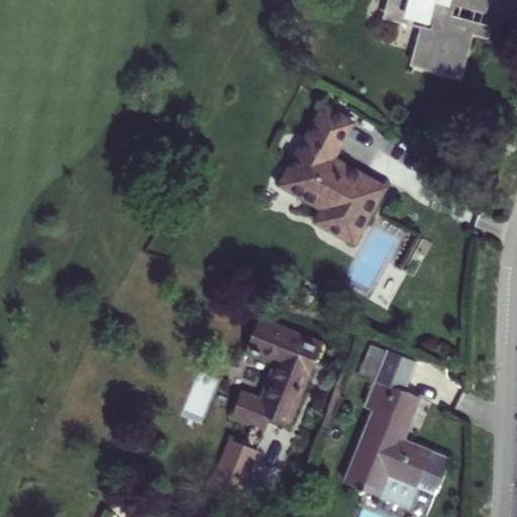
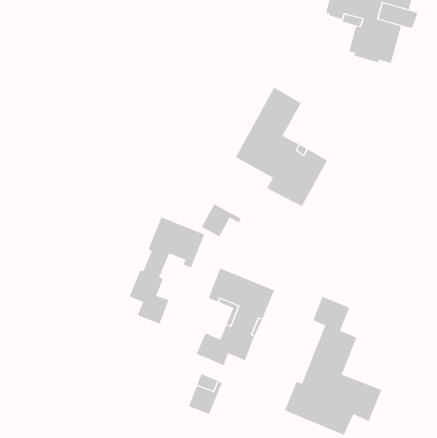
building: none -> [201,203,241,237]
building: none -> [129,216,205,324]

